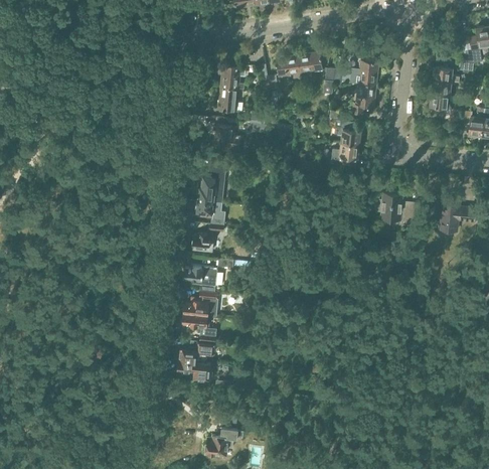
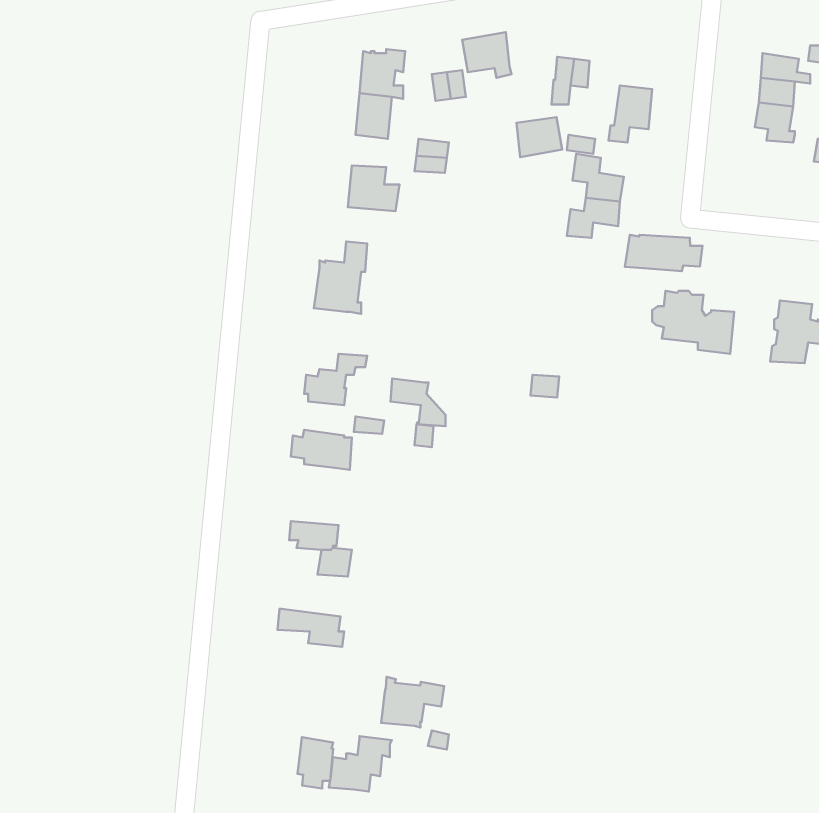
building: [299,51,323,72] -> [516,117,562,157]
building: [359,60,379,85] -> none
building: none -> [625,235,702,271]
building: [196,200,225,225] -> [390,379,446,426]
building: [185,291,218,316] -> none
building: [180,343,215,363] -> none
building: none -> [381,677,444,728]
building: none -> [298,737,333,789]

